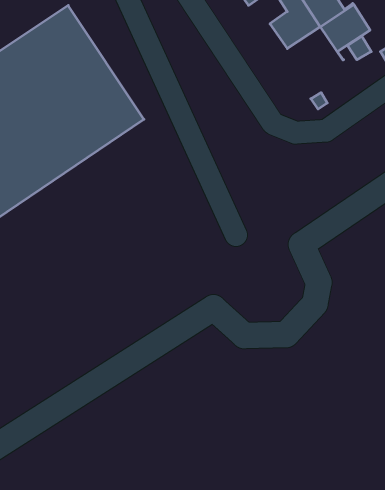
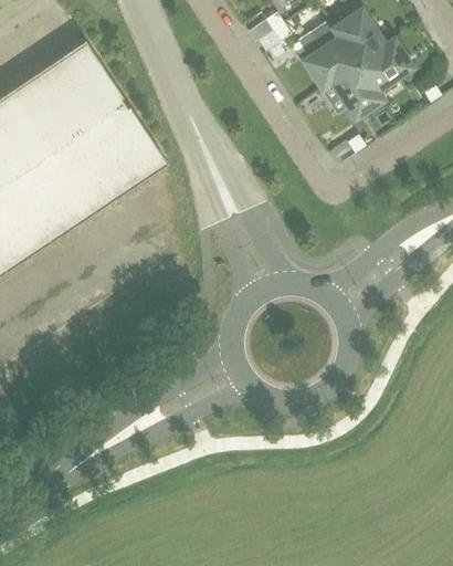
building: none -> [319,63,379,117]

